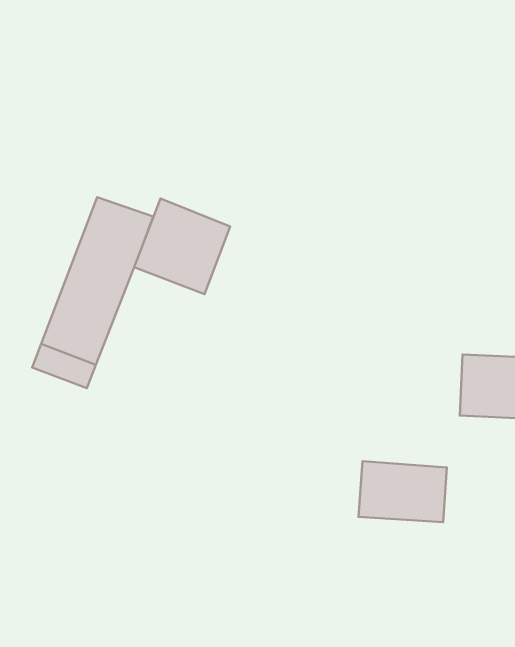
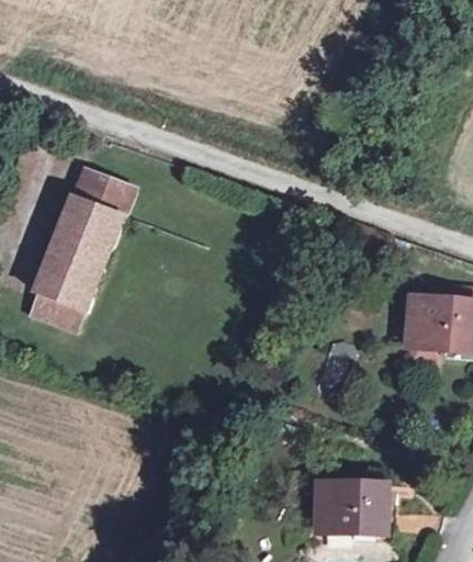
building: [134,198,230,294] -> none
building: [359,461,447,522] -> [301,477,375,529]

